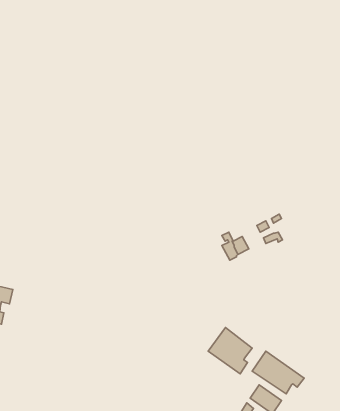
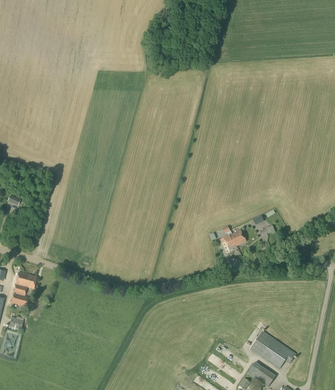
building: [208,328,252,374] -> none

